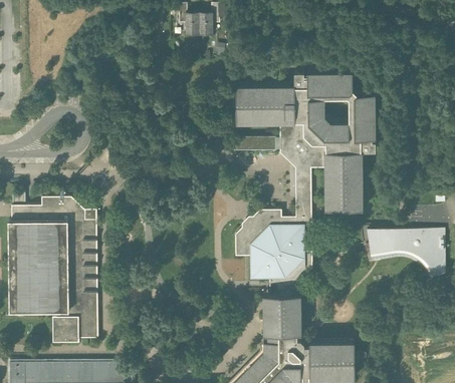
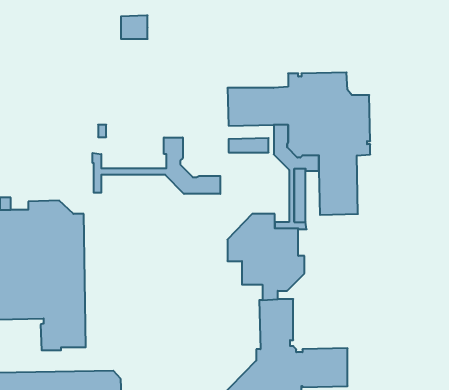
building: [186,12,212,35] -> [121,15,148,39]
building: none -> [93,137,220,194]
building: [365,230,444,278] -> none

